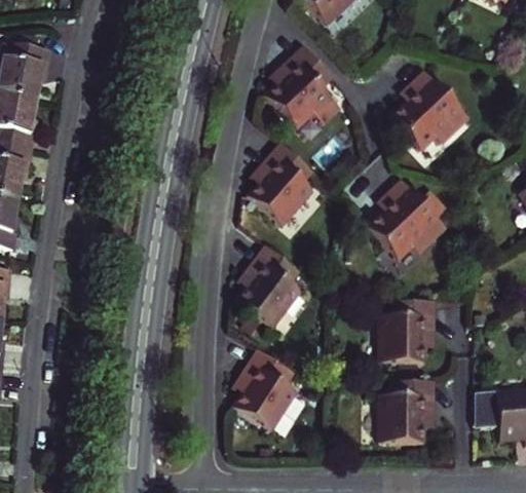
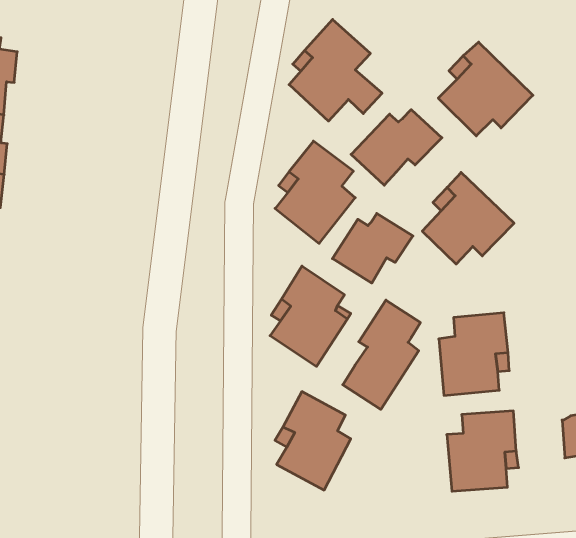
building: none -> [351,110,442,185]
building: none -> [332,213,413,283]
building: none -> [343,300,420,409]

